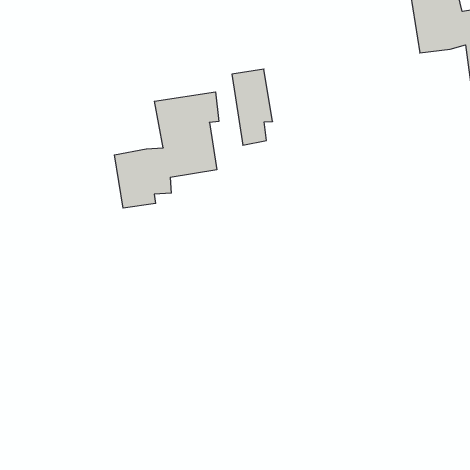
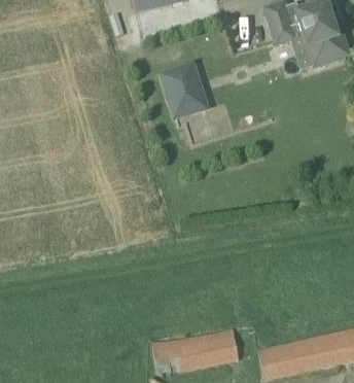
building: [114,92,219,208] -> none

